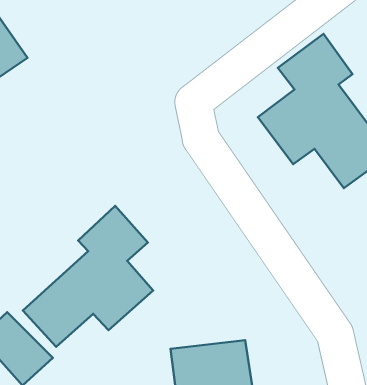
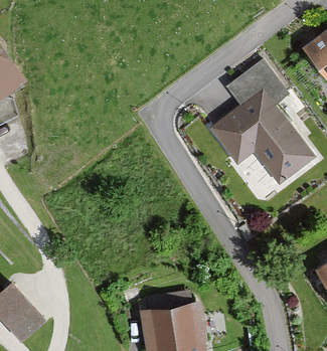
building: [23,206,153,347] -> none

